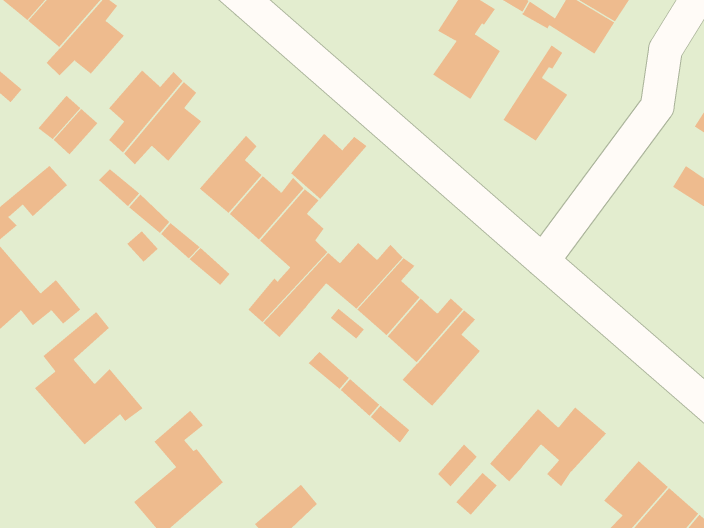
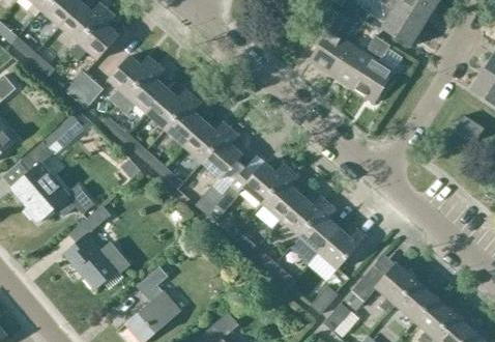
building: none -> [332,35,382,87]
building: [290,133,367,200] -> [146,88,194,130]
building: none -> [318,230,367,270]
building: none -> [395,281,436,322]

